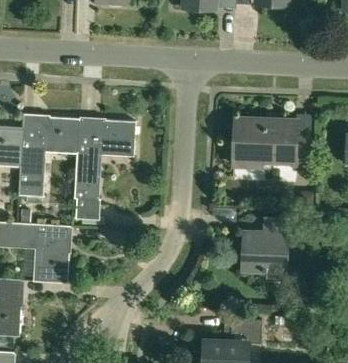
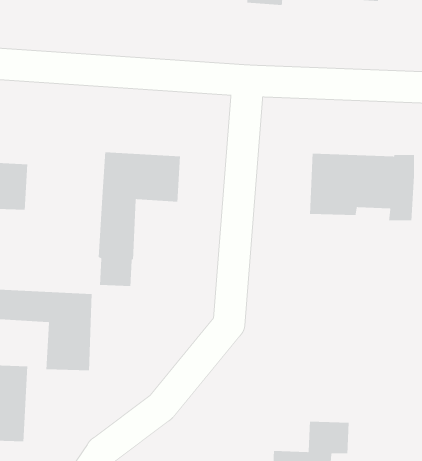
building: [18,116,79,204] -> none
building: [243,221,288,272] -> none

